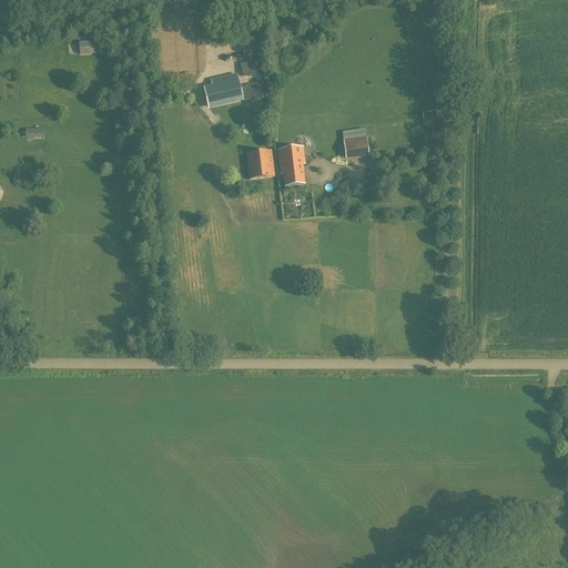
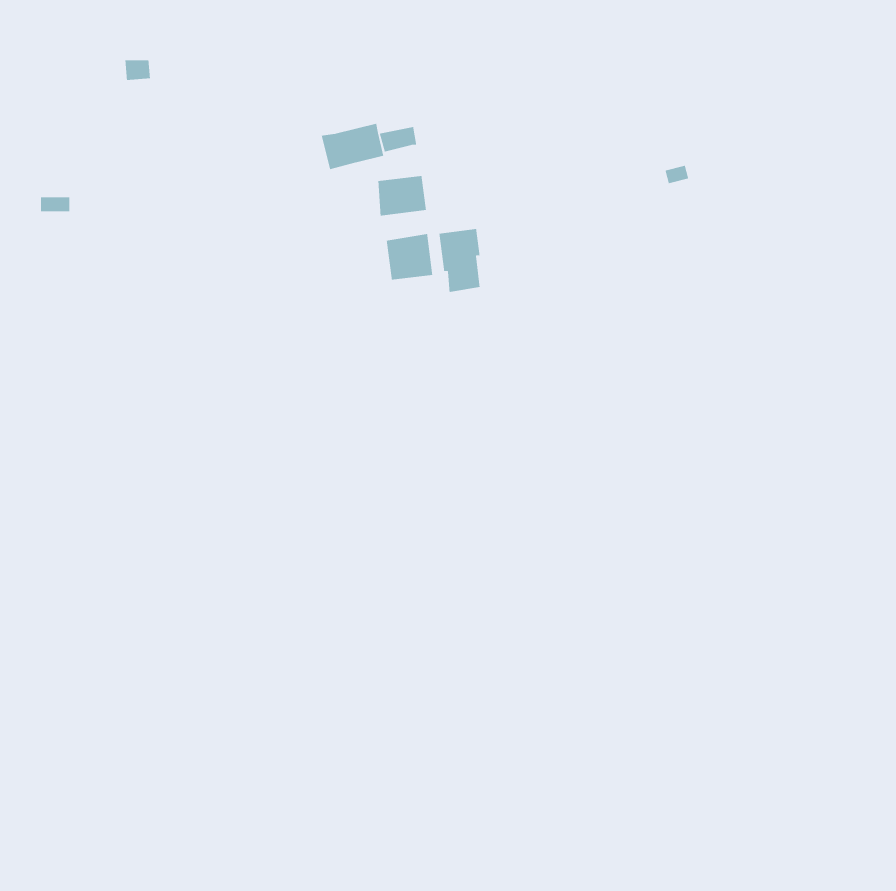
building: none -> [377,175,427,216]
building: [343,134,368,156] -> none

